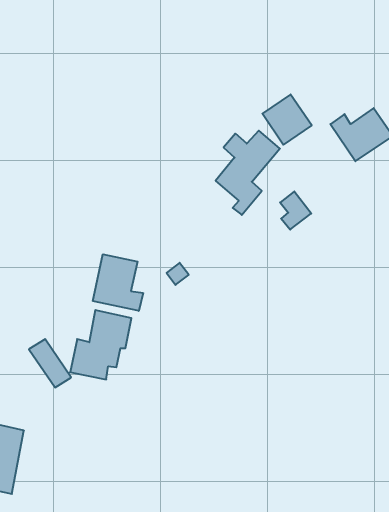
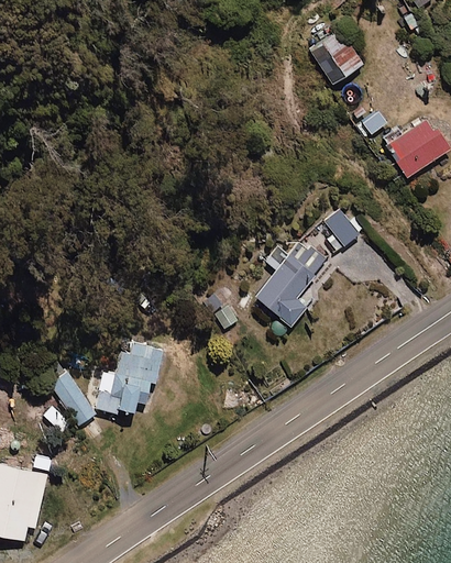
building: [262,94,312,145] -> [309,30,363,85]
building: [216,131,280,215] -> [255,241,326,333]
building: [93,254,143,311] -> none

